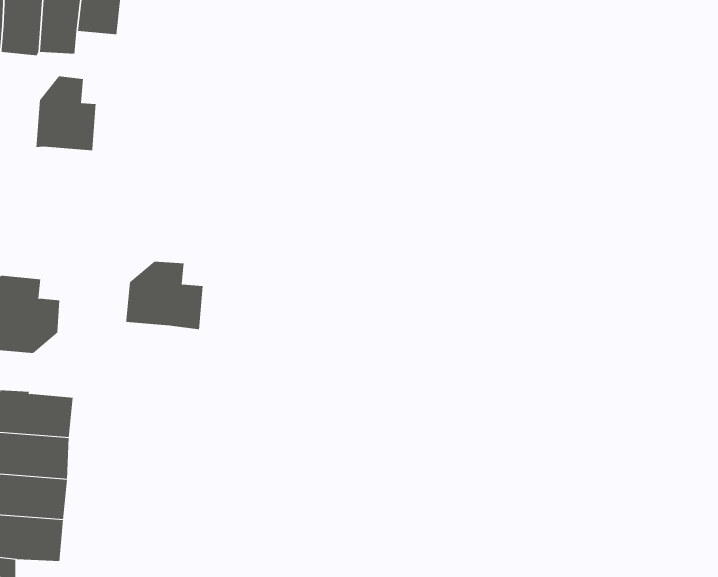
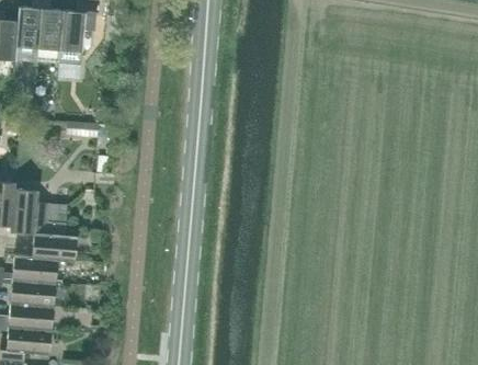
building: [36,75,96,151] -> none
building: [125,261,204,330] -> [32,221,77,261]

